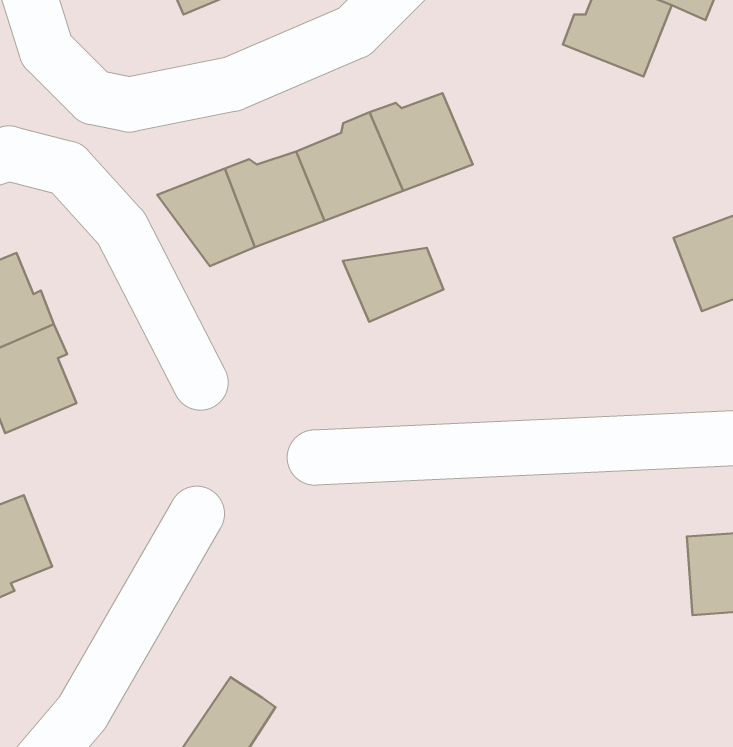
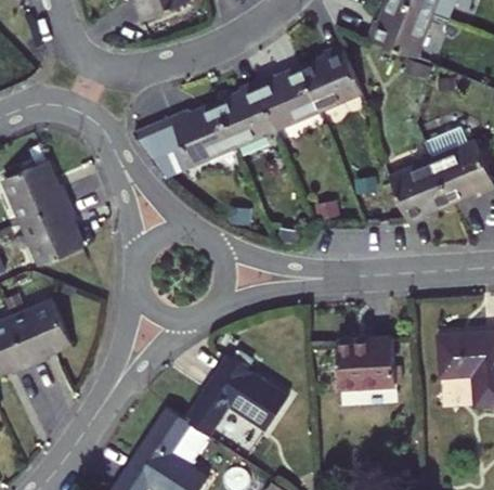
building: none -> [295,49,359,115]
building: none -> [381,157,444,222]
building: [343,248,443,322] -> none
building: none -> [346,346,402,394]
building: none -> [191,358,292,440]

